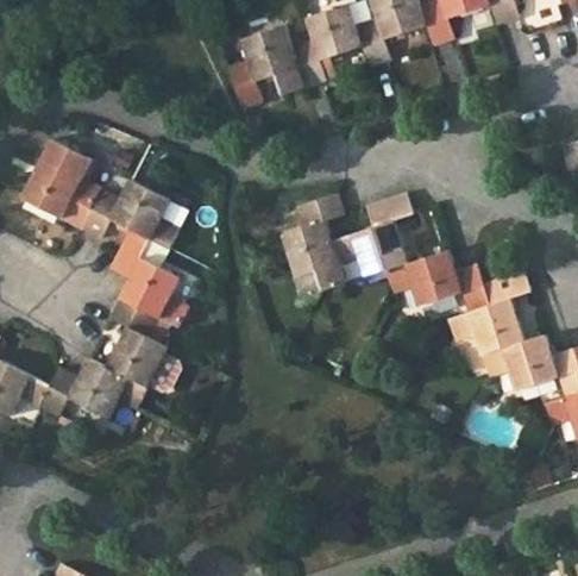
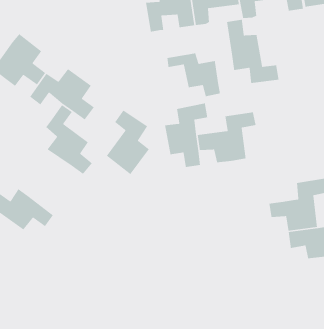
building: none -> [226,19,280,84]
building: none -> [166,53,221,97]
building: [387,251,489,314] -> none
building: [108,298,169,389] -> [106,109,150,175]

